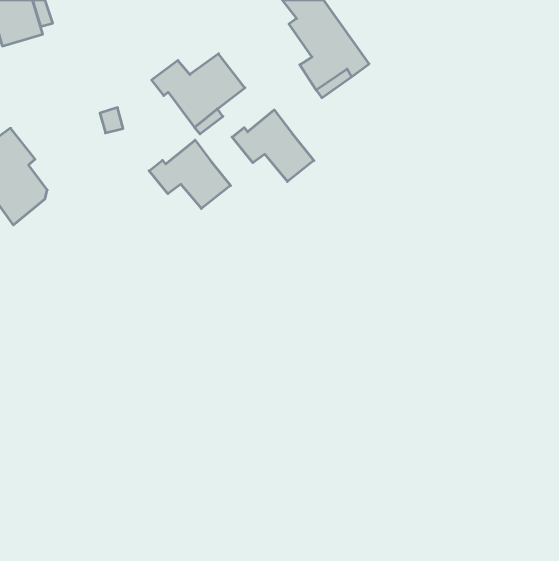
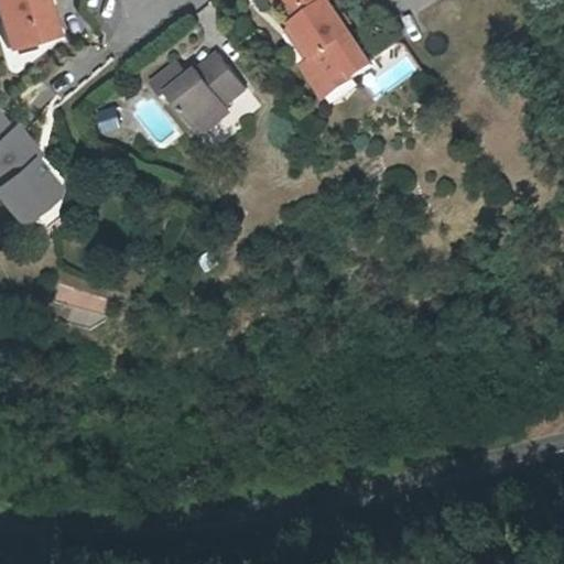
building: [232,110,314,182] -> none
building: [149,140,231,209] -> none

